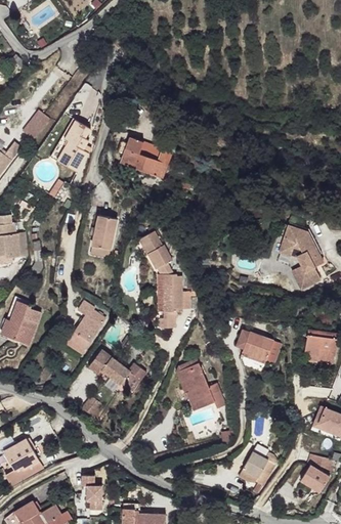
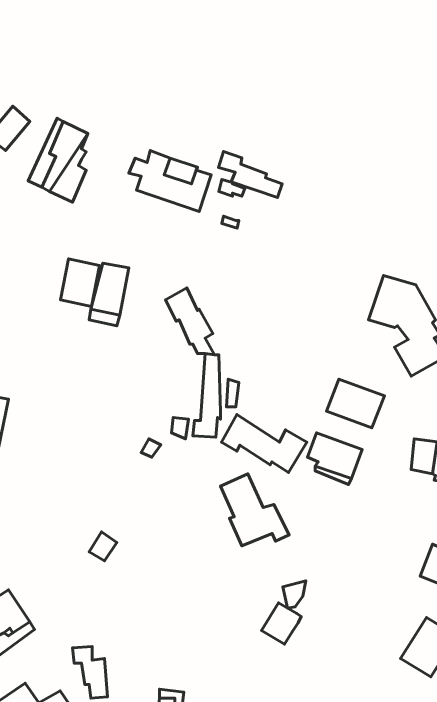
building: none -> [218,151,282,197]
building: none -> [61,259,99,307]
building: none -> [326,379,385,428]
building: [67,302,106,356] -> none
building: [92,348,150,387] -> [221,415,307,473]
building: [238,451,264,479] -> [262,603,301,644]

